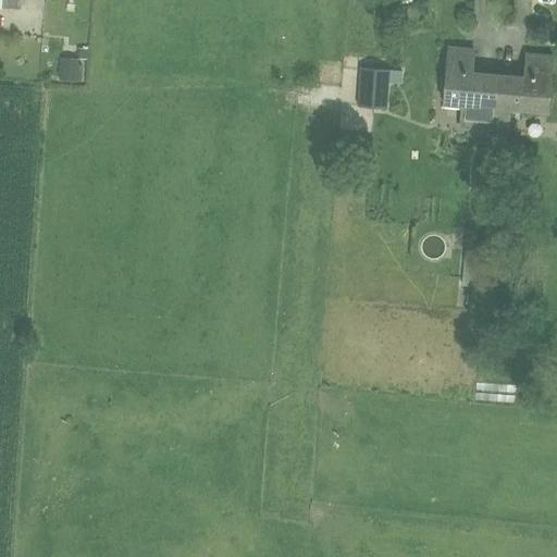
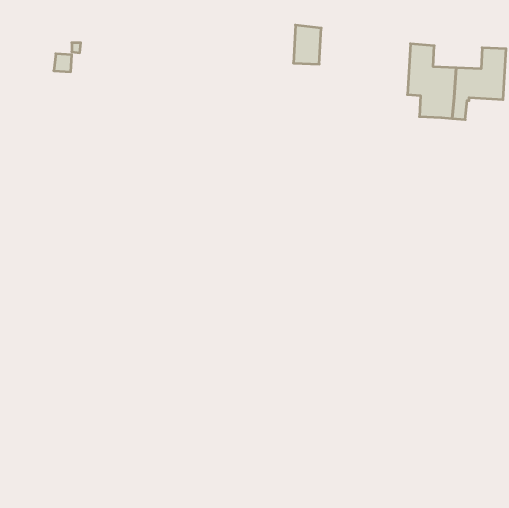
building: [358,65,388,108] -> [293,25,321,64]

